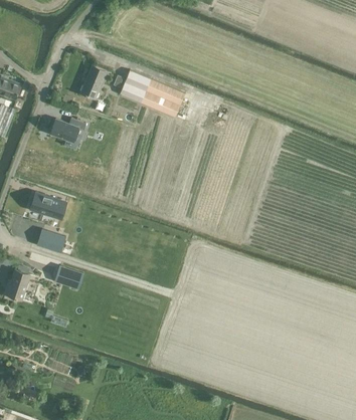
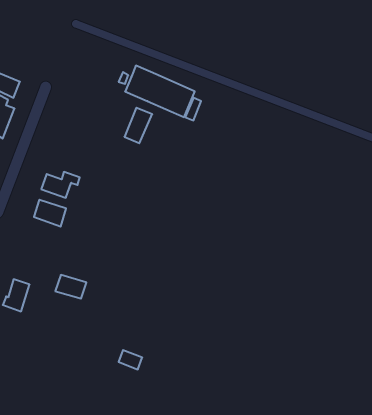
building: [79,65,106,98] -> [124,108,152,143]
building: [49,118,85,142] -> [41,172,80,198]
building: [35,229,64,252] -> none

